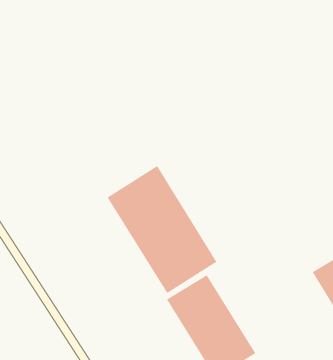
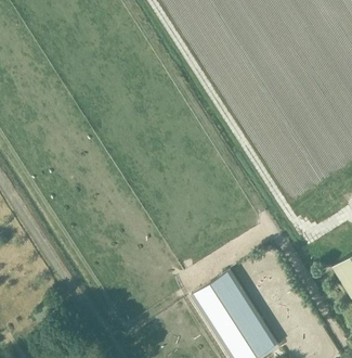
building: [107,165,217,294] -> none

